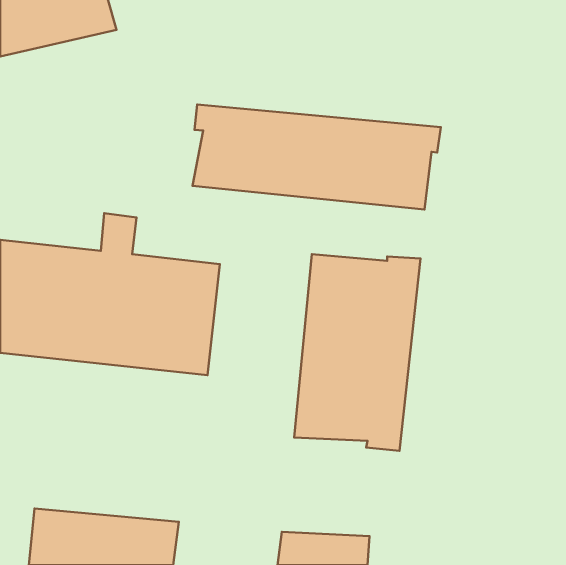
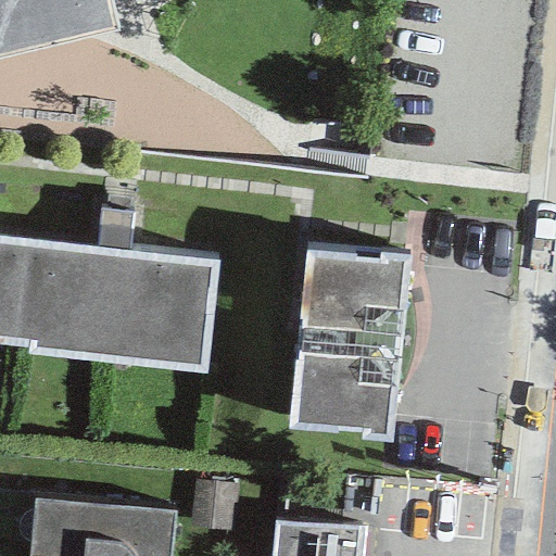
building: [192,104,441,209] -> none

